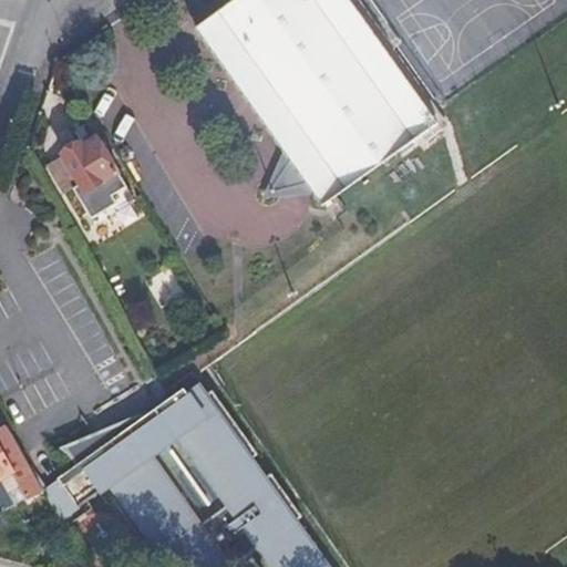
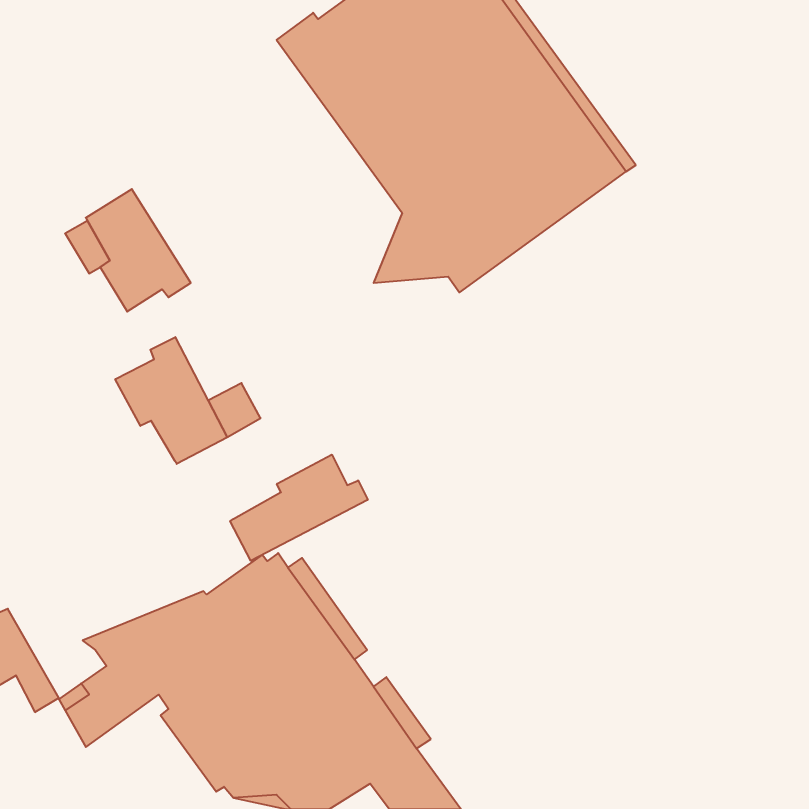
building: none -> [115,337,227,464]
building: none -> [230,455,368,561]

